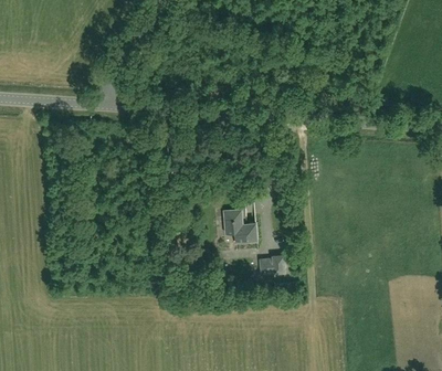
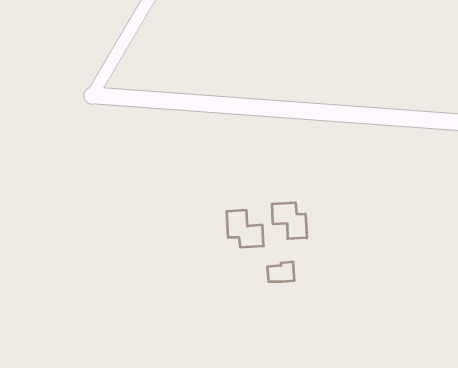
building: none -> [272,203,307,239]

